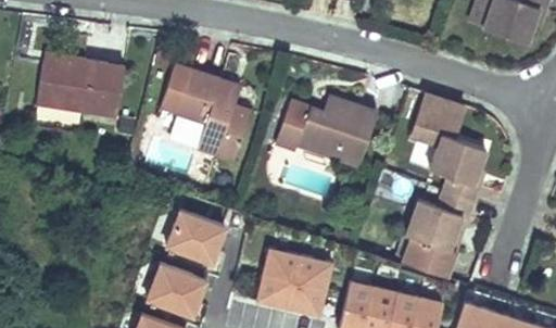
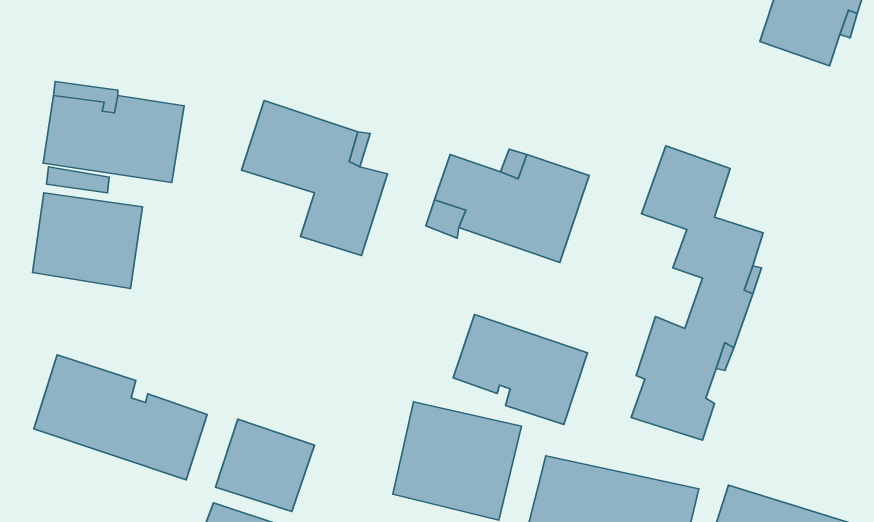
building: none -> [33,193,143,288]
building: none -> [453,314,587,425]
building: [164,211,225,270] -> none
building: none -> [34,355,207,480]

